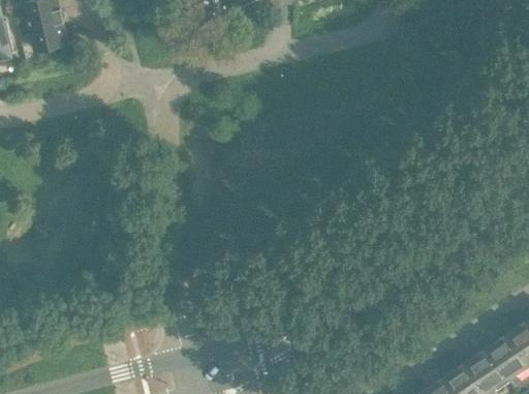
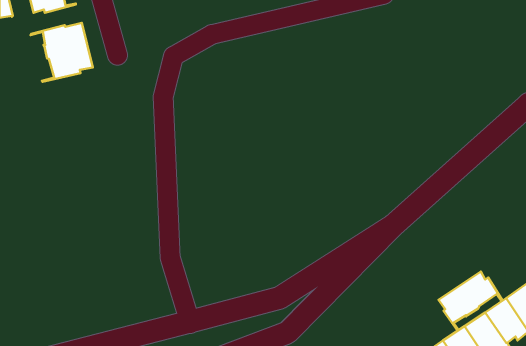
building: none -> [31,23,93,82]
building: none -> [438,272,502,330]

